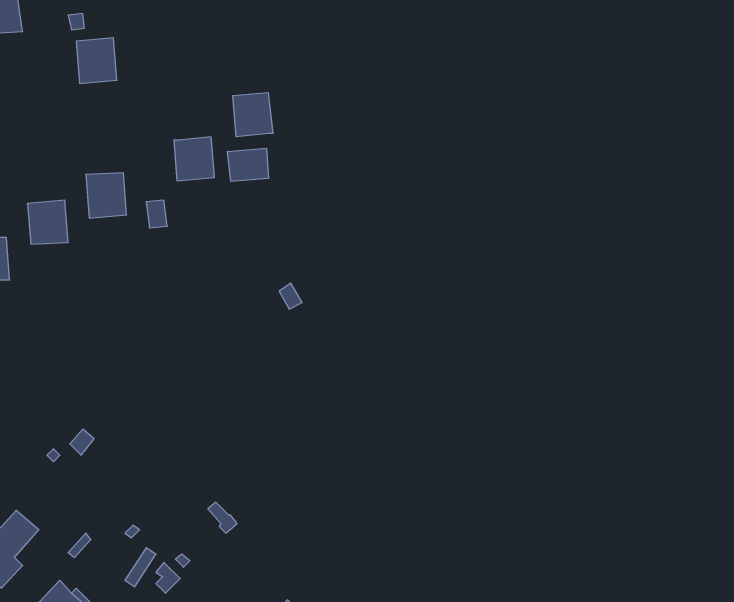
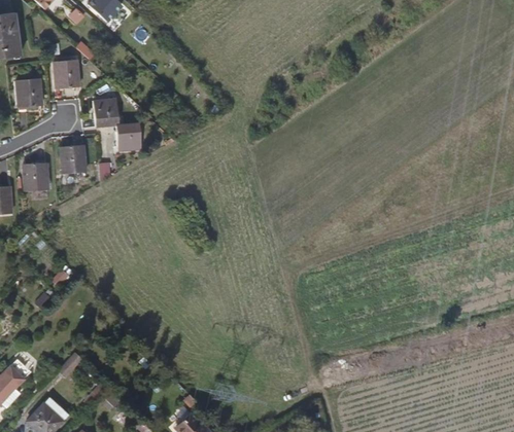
building: none -> [15,77,41,106]
building: [233,93,273,137] -> [93,98,118,125]
building: [227,148,268,181] -> none

